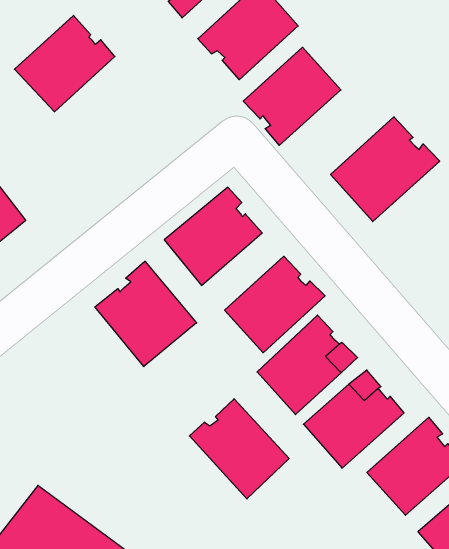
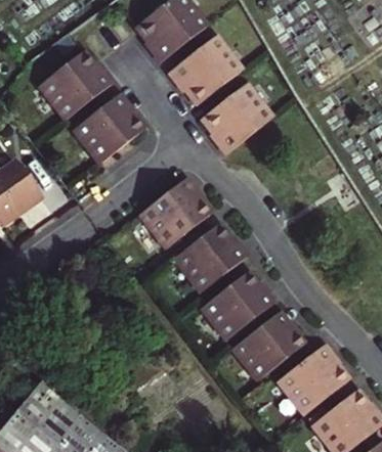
building: none -> [67,83,136,152]
building: [331,117,440,222] -> none
building: [95,261,197,367] -> none
building: [189,399,289,499] -> none

